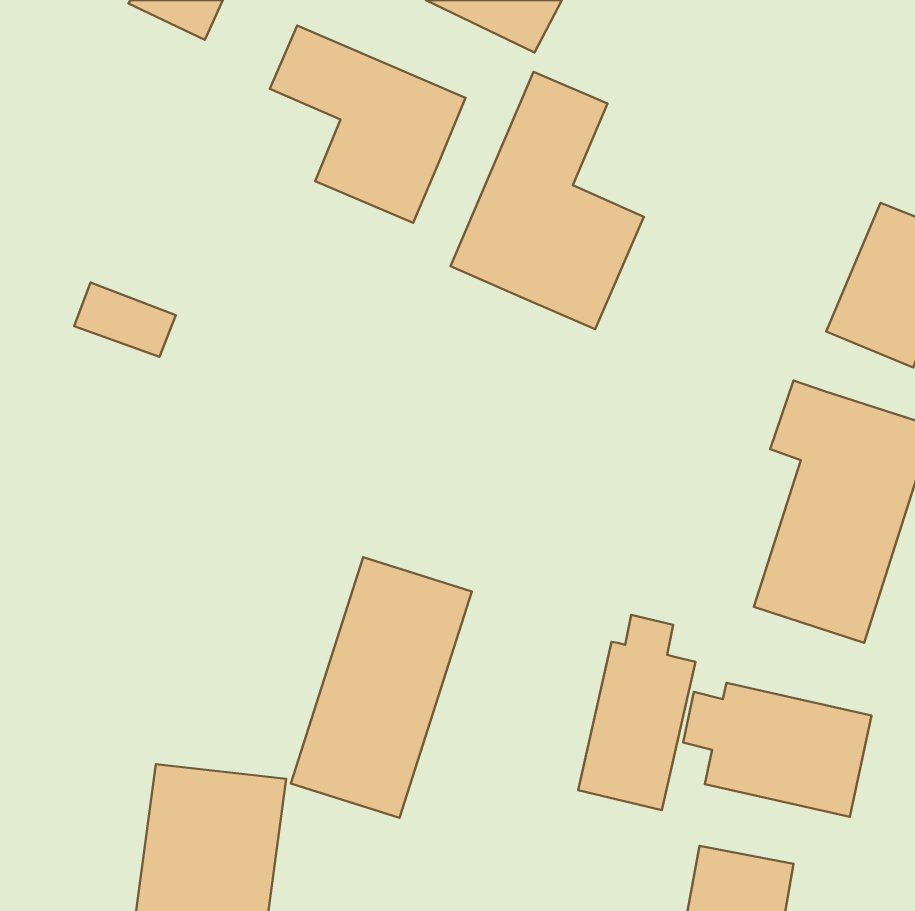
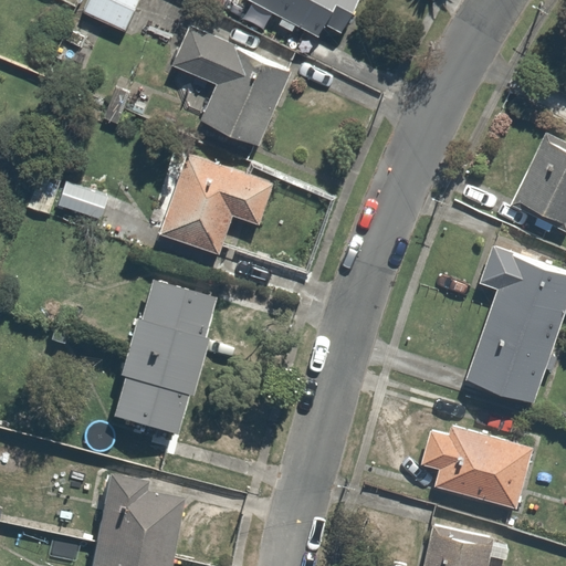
building: [451,72,644,329] -> none
building: none -> [158,153,272,254]
building: [291,557,472,818] -> [109,281,220,440]
building: [578,615,695,810] -> none

